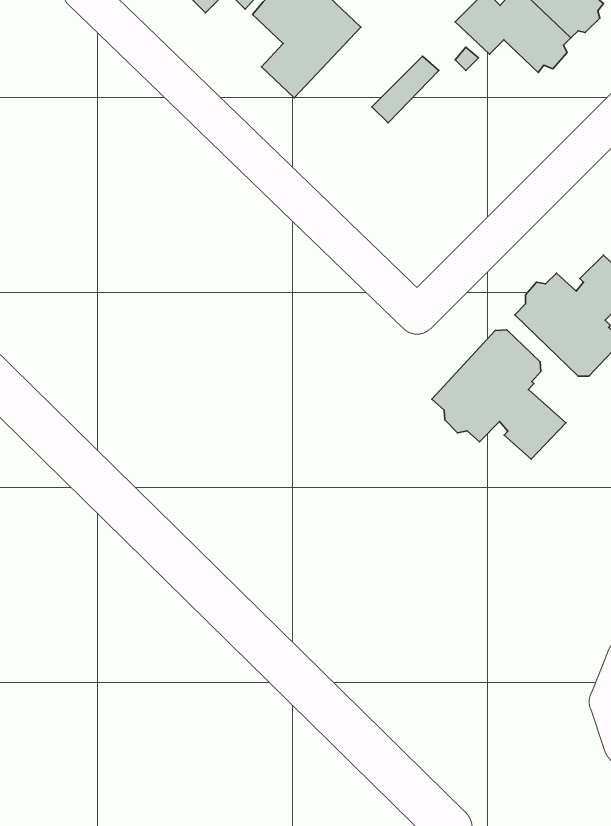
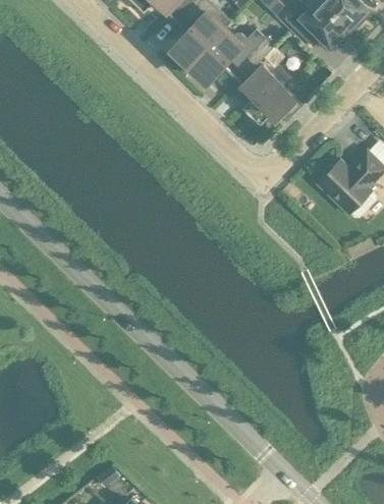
building: none -> [194,21,242,77]
building: none -> [242,66,304,125]
building: [432,330,566,459] -> none

